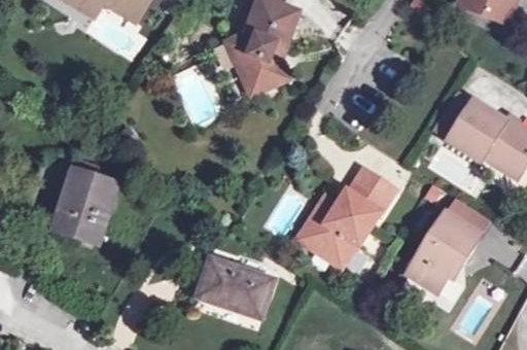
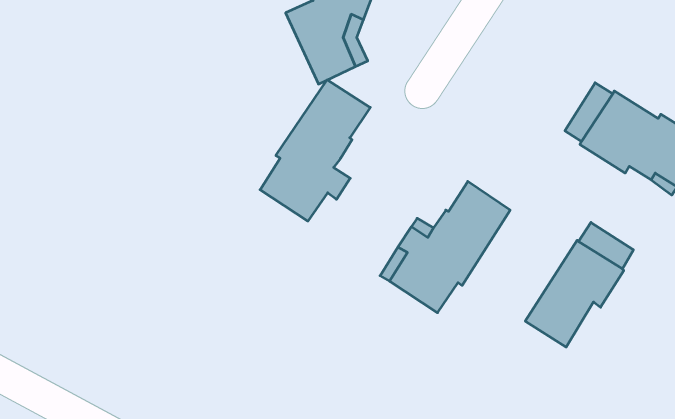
building: none -> [260,80,370,221]
building: [54,171,116,243] -> none
building: [197,258,272,317] -> none

